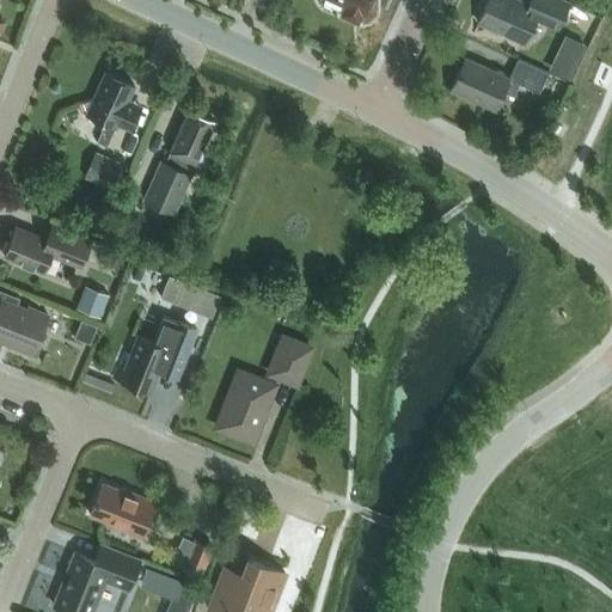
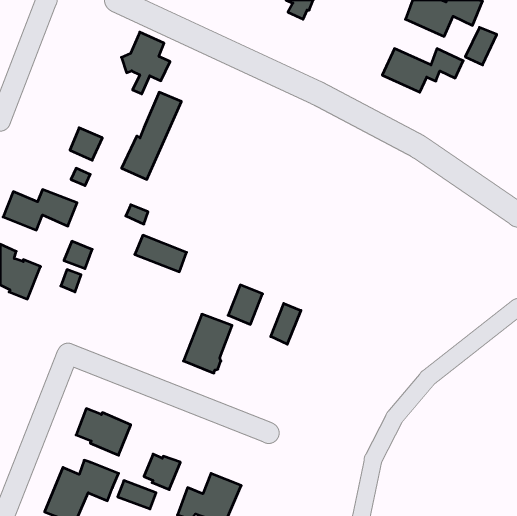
building: [85,74,142,147] -> [121,32,170,94]
building: [115,318,197,394] -> none
building: none -> [271,303,301,344]

